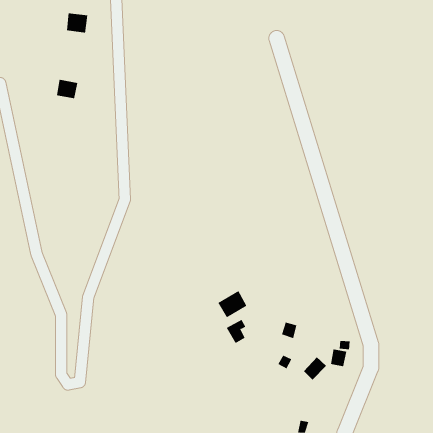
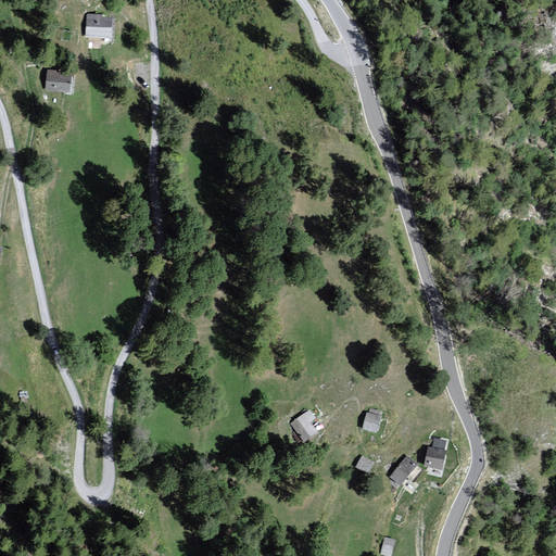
building: [56,79,78,99] -> [48,72,76,97]
building: [217,290,247,318] -> none

